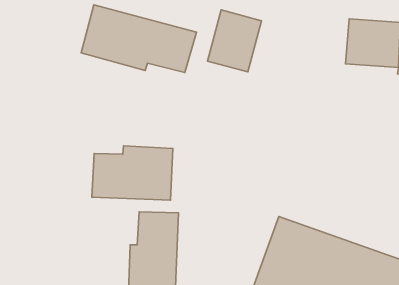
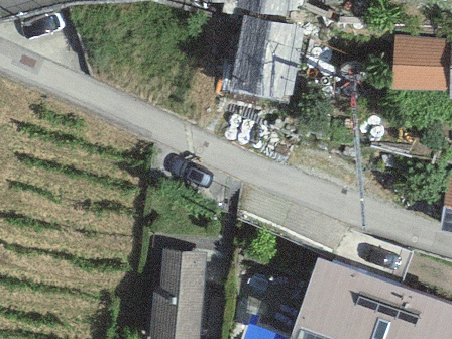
building: [81,5,197,73] -> none
building: [92,146,173,200] -> none

